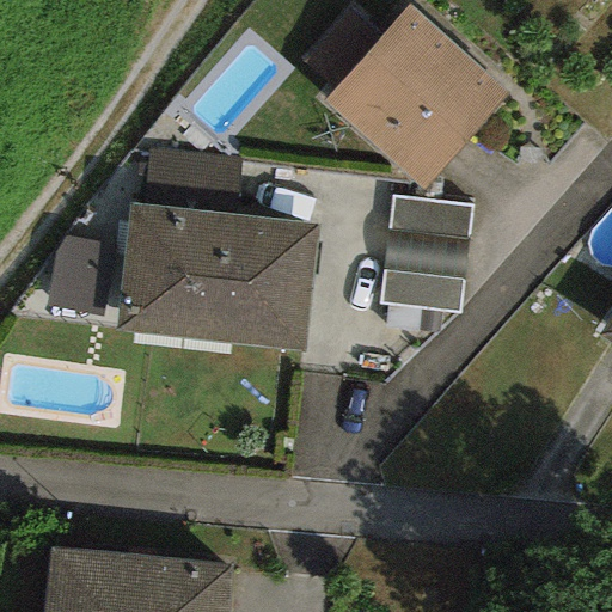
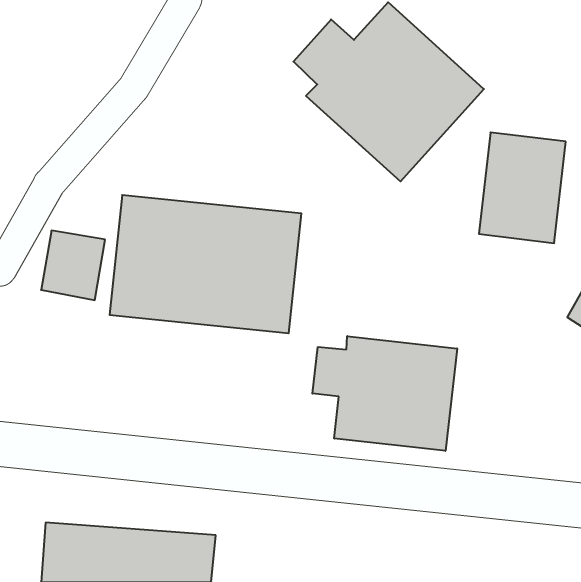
building: [381,196,472,312] -> [479,132,566,243]
building: none -> [312,336,457,451]

